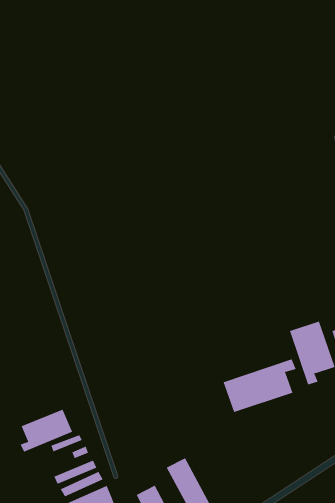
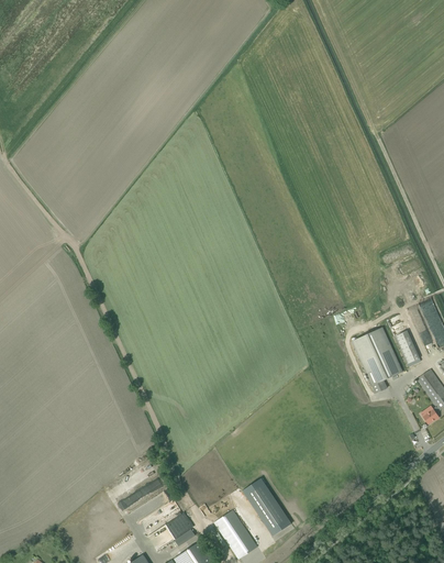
building: [223,358,297,413] -> none
building: [20,409,73,453] -> none

